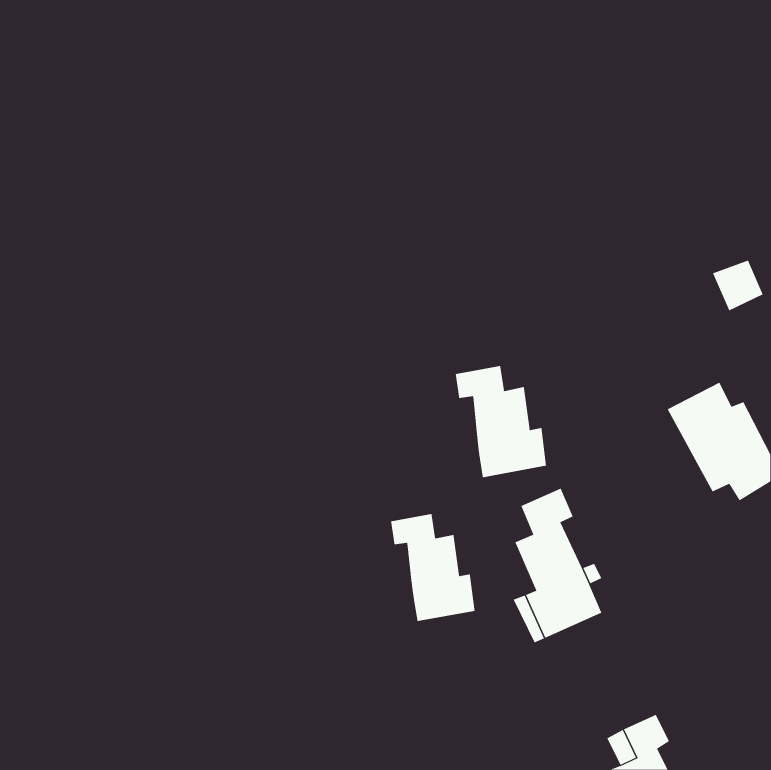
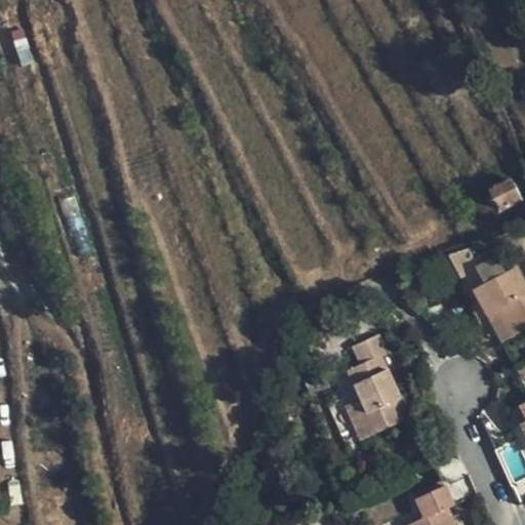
building: [455,365,547,478] -> none
building: [390,513,475,622] -> none

